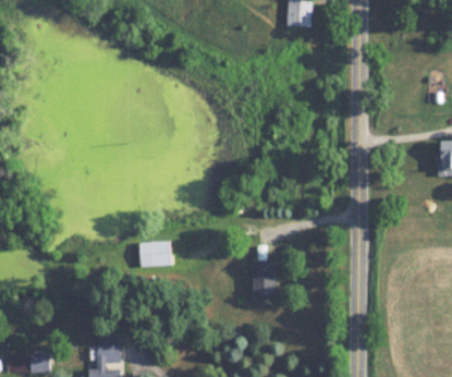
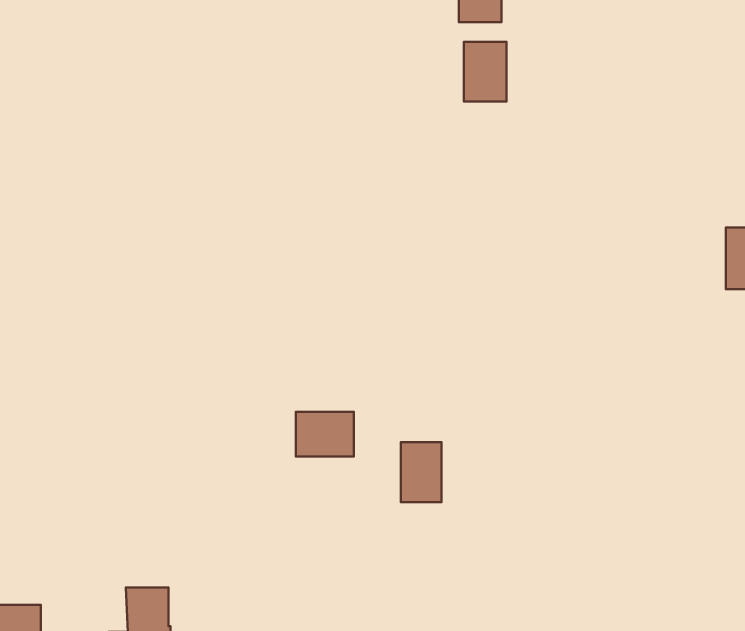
building: none -> [464,42,506,101]
building: [138,241,171,266] -> [296,412,354,456]

